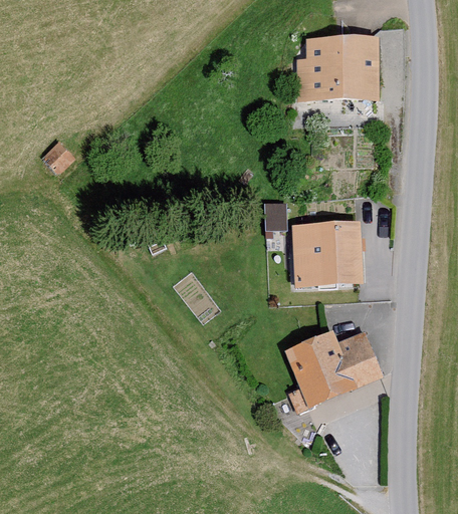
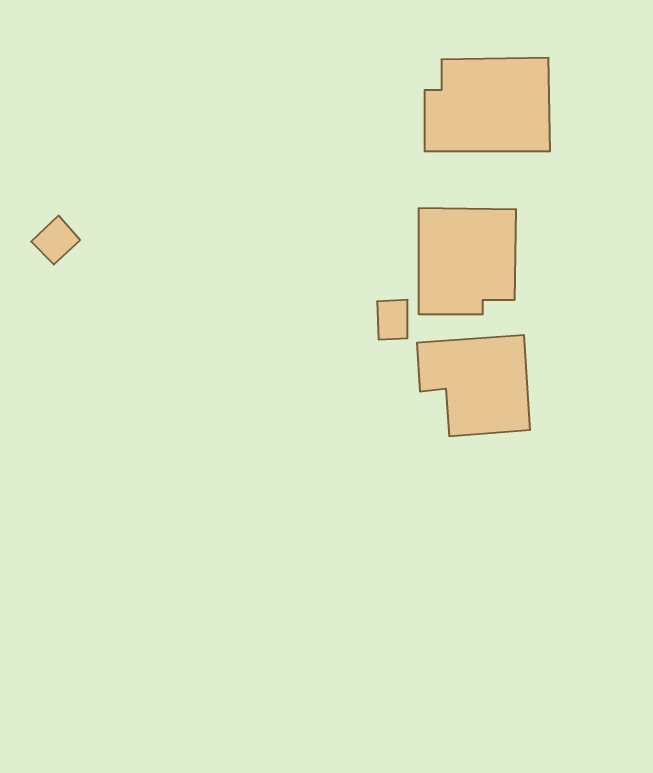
building: none -> [419,208,516,314]
building: [285,330,382,412] -> none

